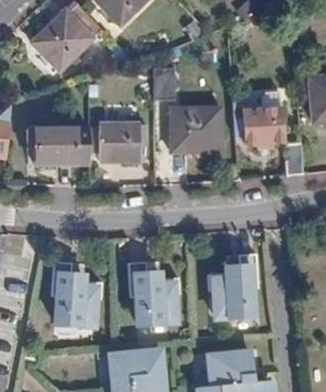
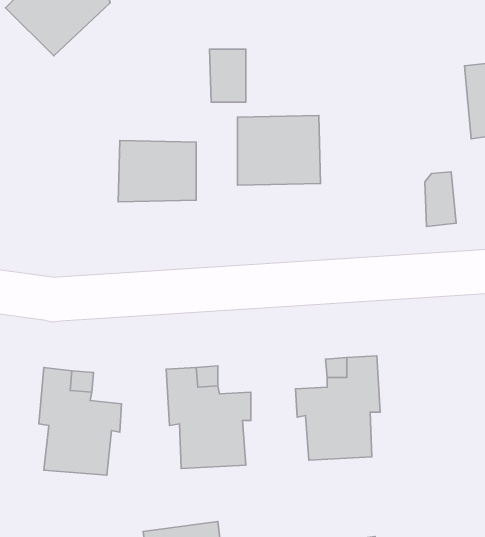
building: [231,100,282,146] -> none
building: [33,124,87,166] -> none

